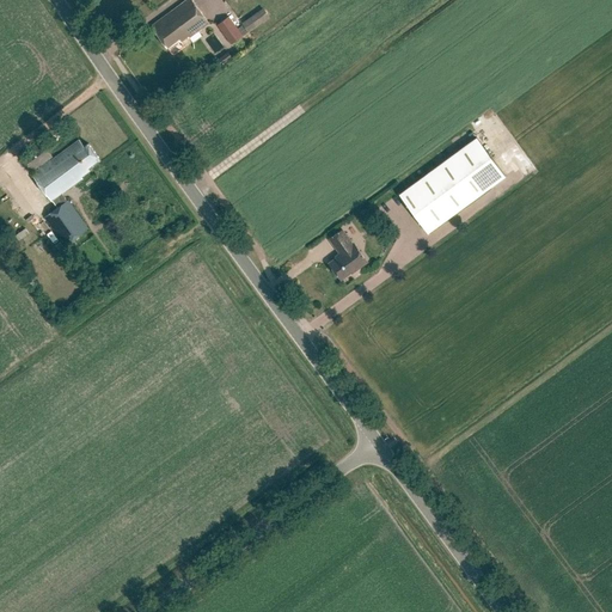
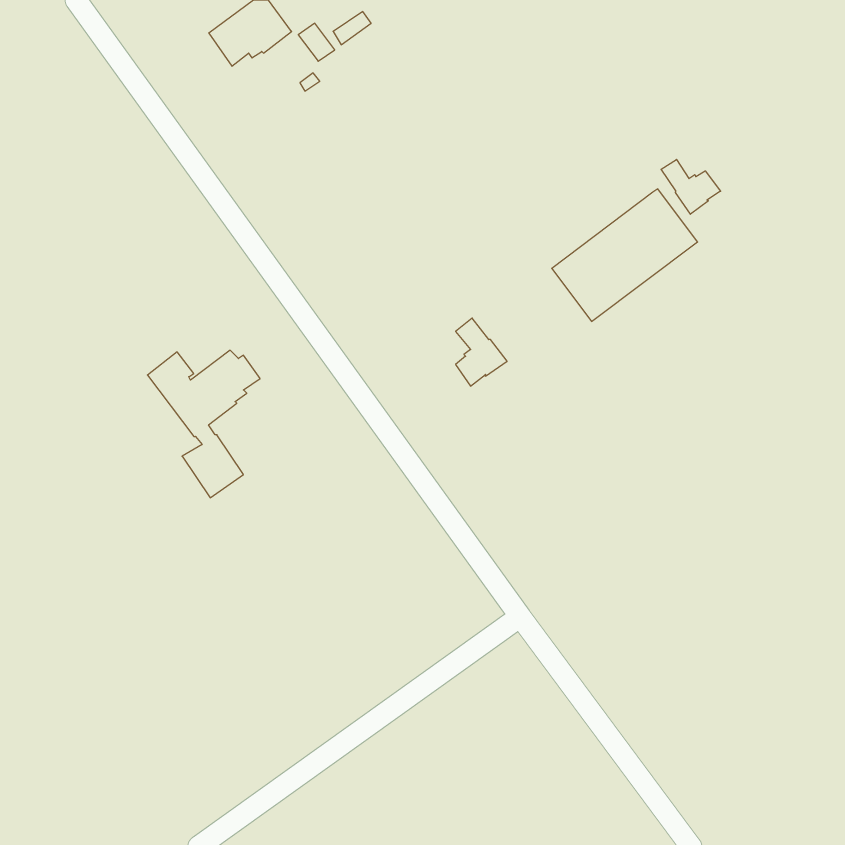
building: none -> [661,159,721,214]
building: [18,141,99,247] -> [147,350,260,498]

